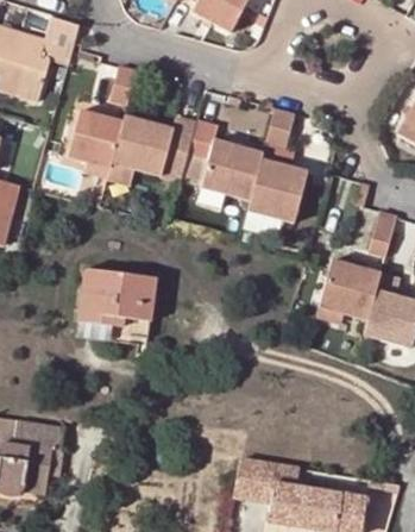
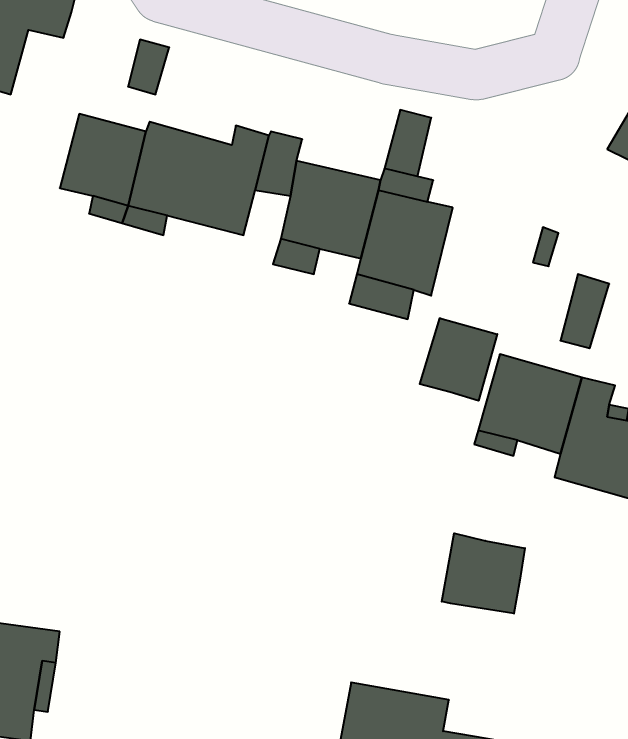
building: none -> [420,318,497,401]
building: [80,268,157,343] -> none
building: none -> [442,533,525,614]

